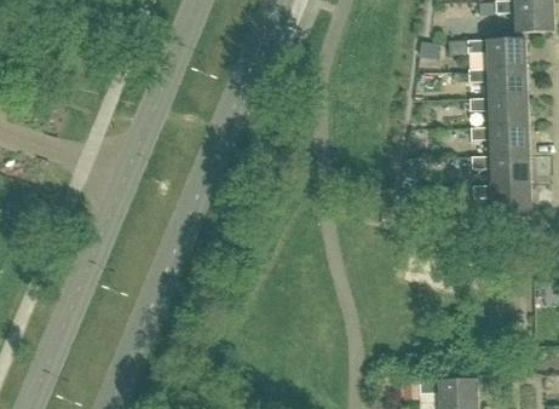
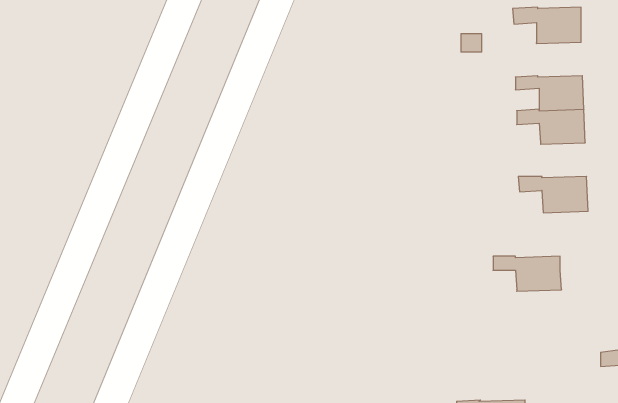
building: [467,69,526,99] -> none
building: [471,156,530,186] -> [493,256,562,291]

